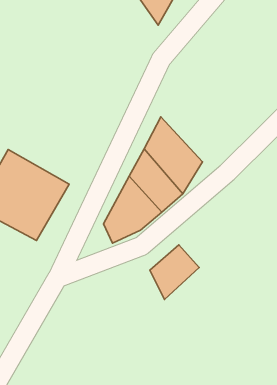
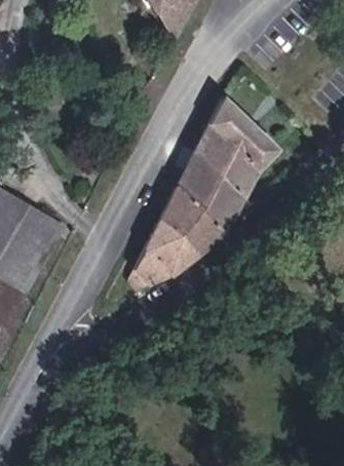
building: none -> [189,95,268,202]
building: [150,245,199,299] -> none

